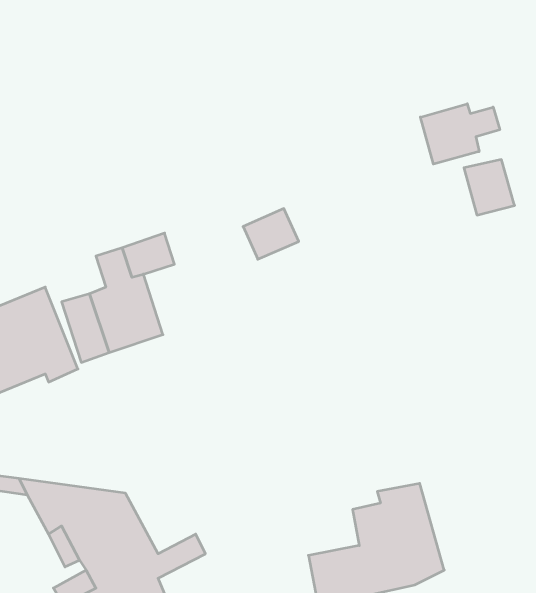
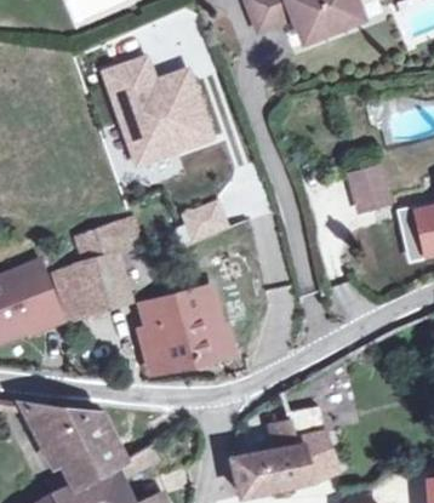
building: none -> [109,58,210,159]
building: [420,104,500,164] -> none
building: none -> [141,292,233,371]

